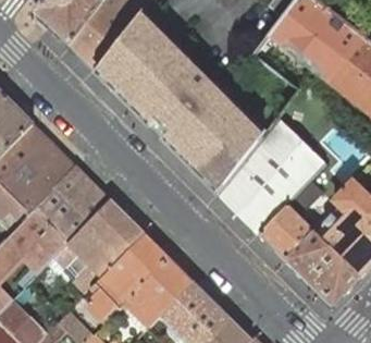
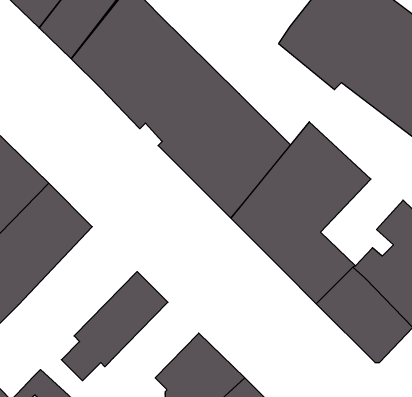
building: [52,198,145,296] -> none
building: [122,257,193,324] -> none

